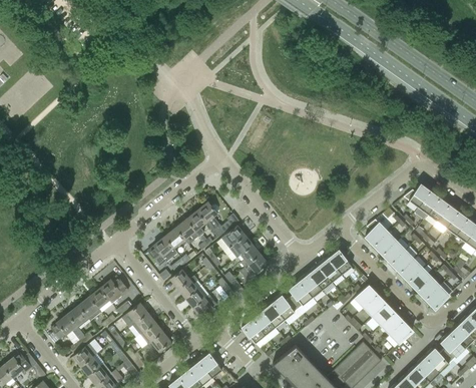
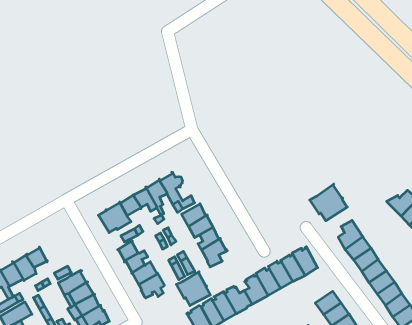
building: none -> [310,184,347,221]
building: [100,277,129,304] -> none
building: none -> [176,272,210,306]

